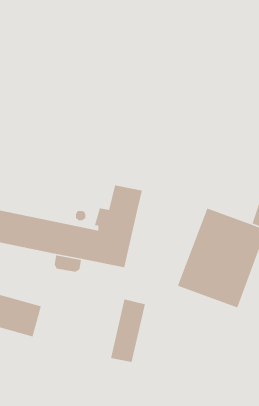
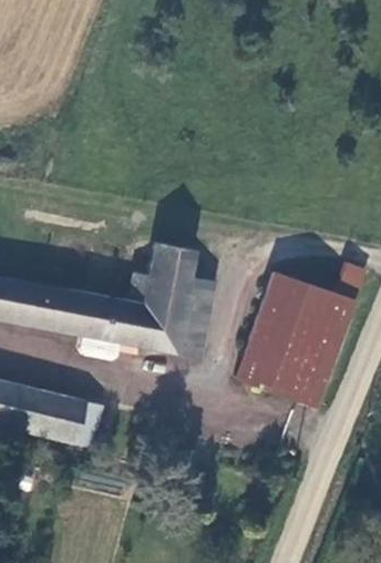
building: [110,299,146,363] -> [171,274,217,357]
building: none -> [52,400,103,451]

